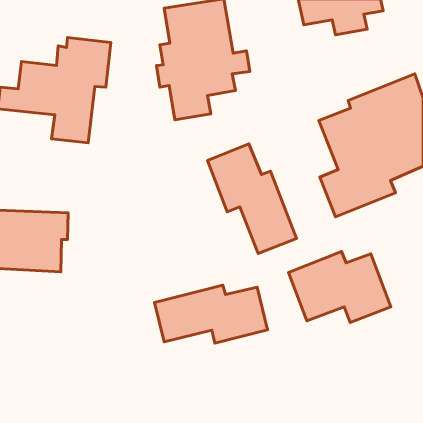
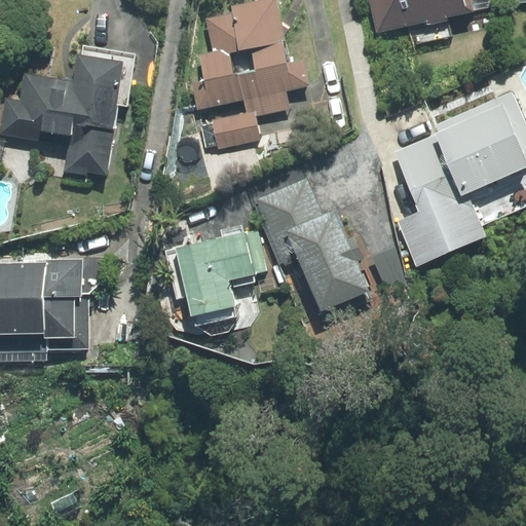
building: none -> [170,230,257,322]
building: [288,251,391,323] -> none
building: [154,285,267,343] -> none

